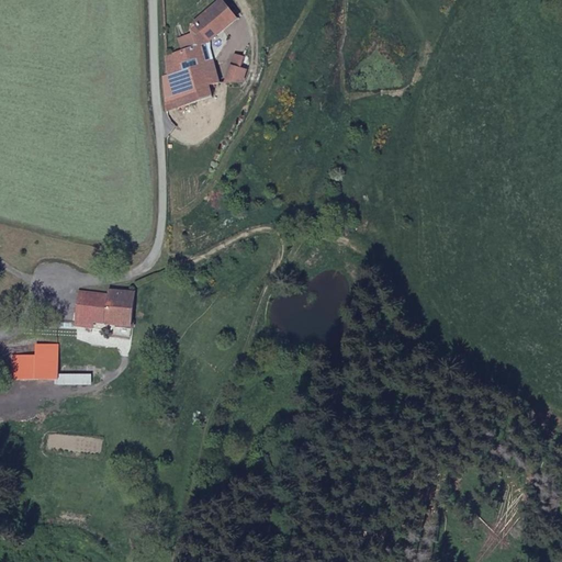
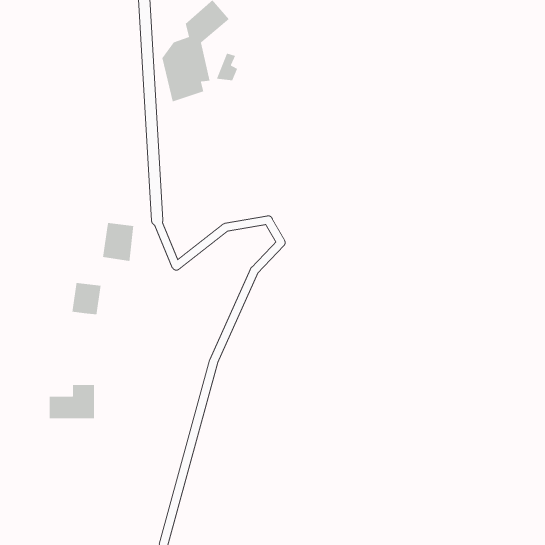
building: [100,288,133,328] -> [102,222,134,262]
building: [10,342,57,379] -> [49,384,95,419]

